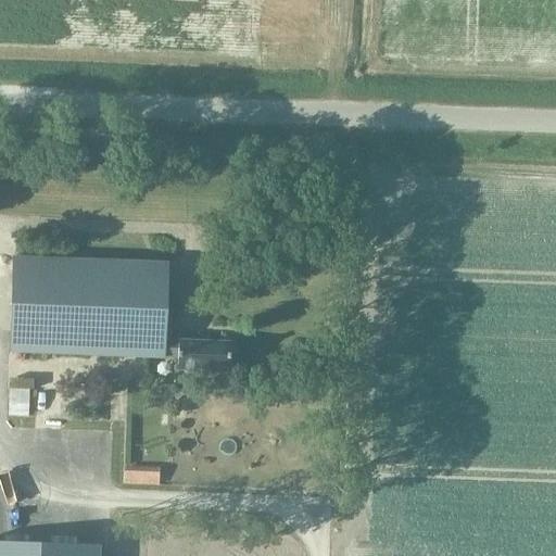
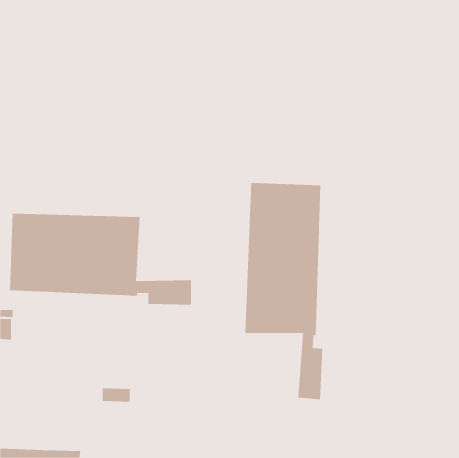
building: none -> [245,182,323,400]

